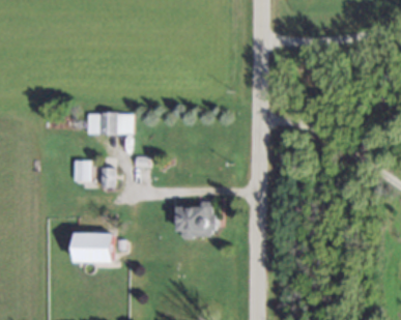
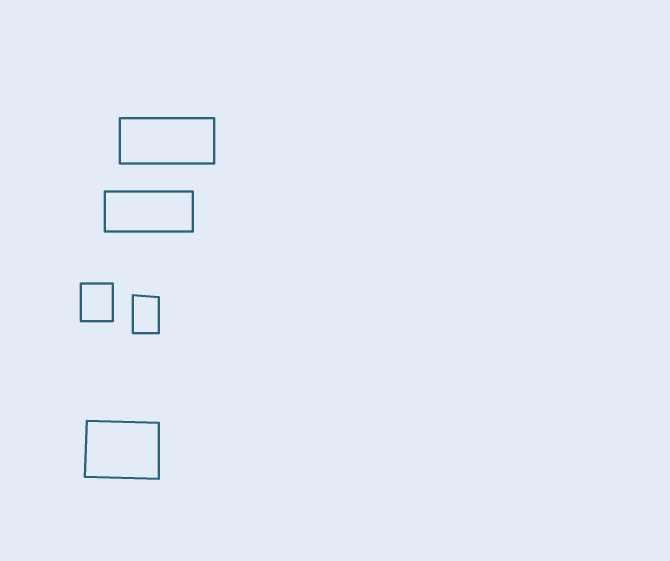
building: none -> [120,118,214,164]
building: [177,202,214,237] -> none

